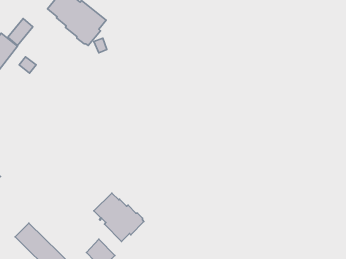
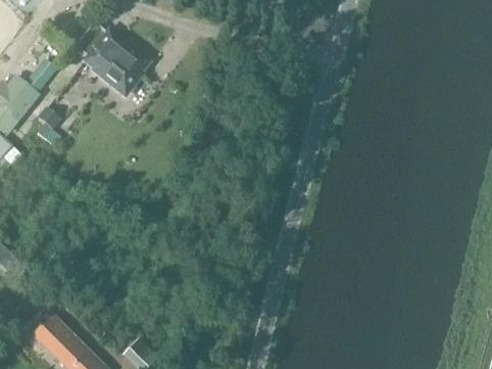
building: [94,193,144,242] -> none

